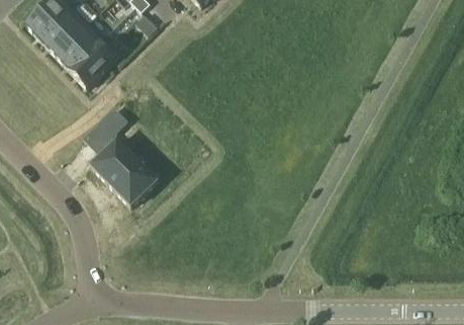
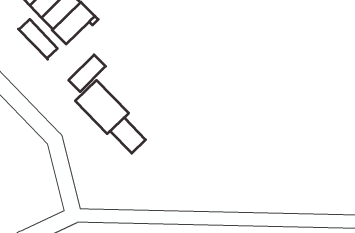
building: none -> [18,19,57,59]
building: none -> [110,118,146,153]

